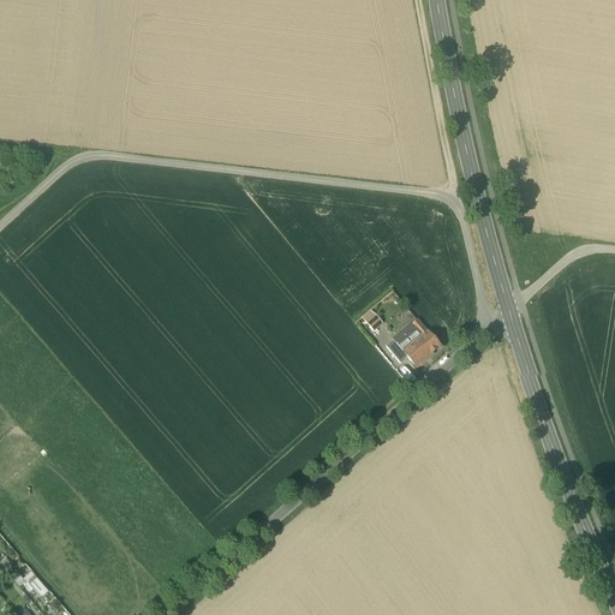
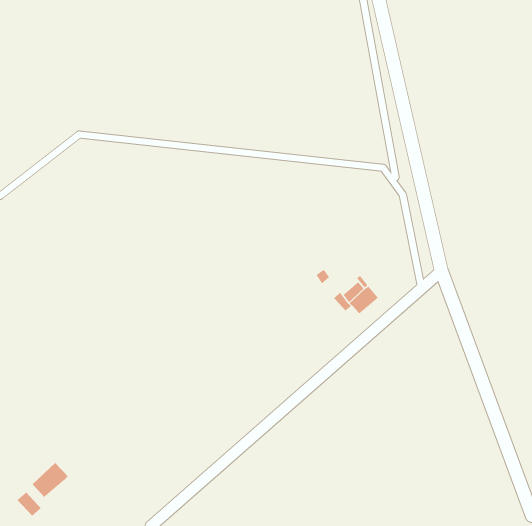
building: none -> [32,462,69,498]

